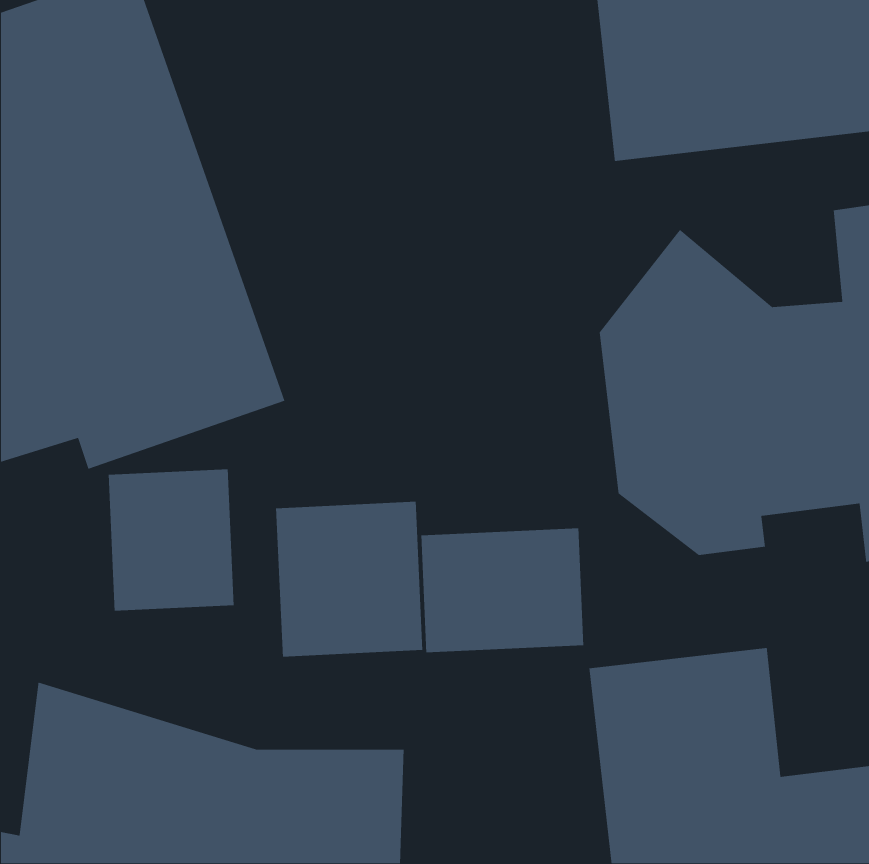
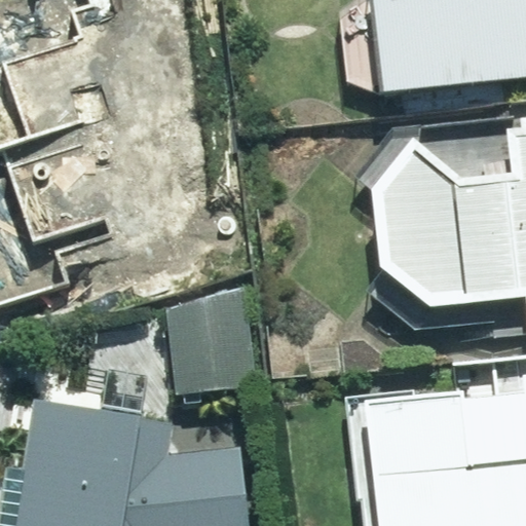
building: [108,469,235,611] -> none
building: [421,528,584,653] -> none

